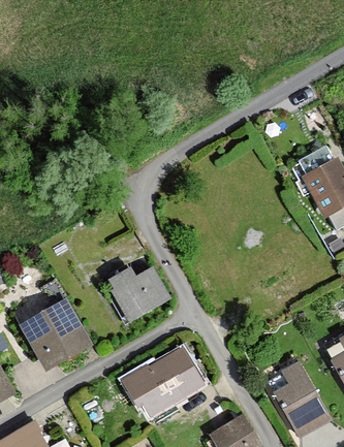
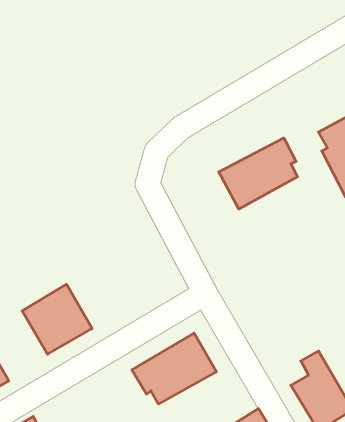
building: none -> [219,138,298,209]
building: [107,268,166,317] -> none

